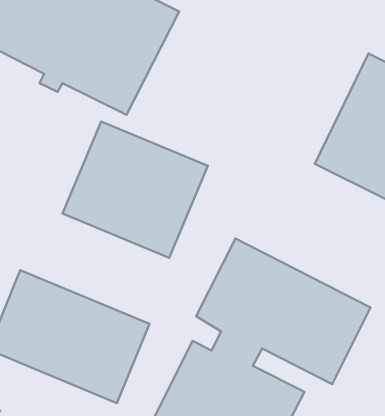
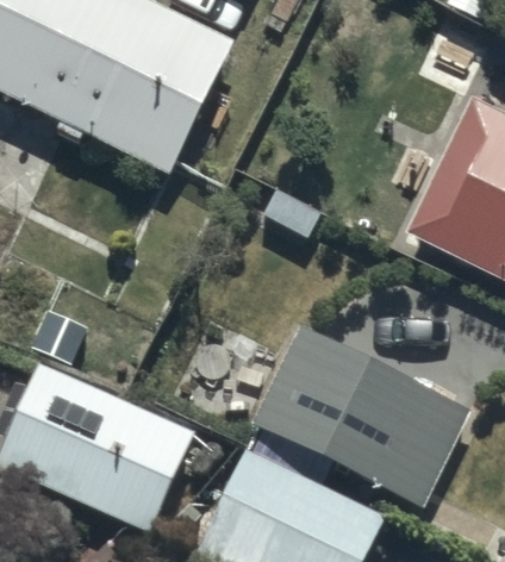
building: [63,121,208,258] -> none

